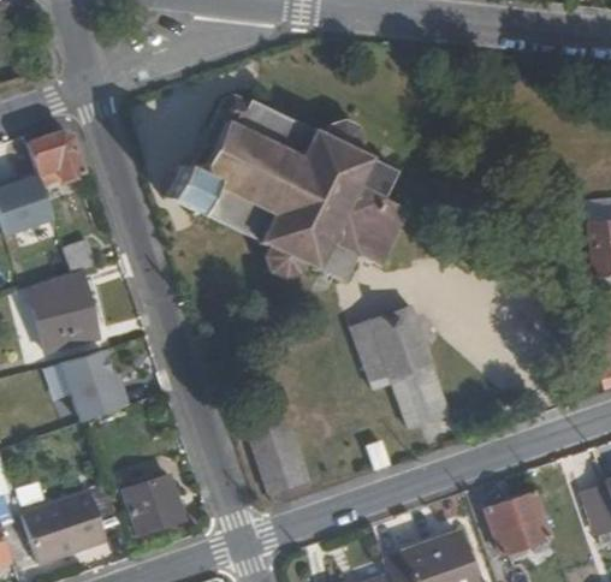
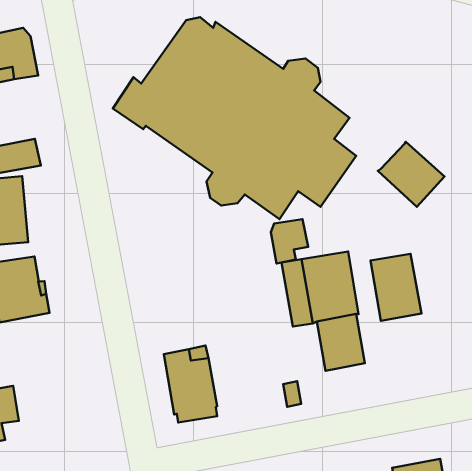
building: none -> [378,142,445,207]
building: none -> [271,219,308,263]
building: none -> [370,254,422,321]
building: [123,474,182,531] -> none

